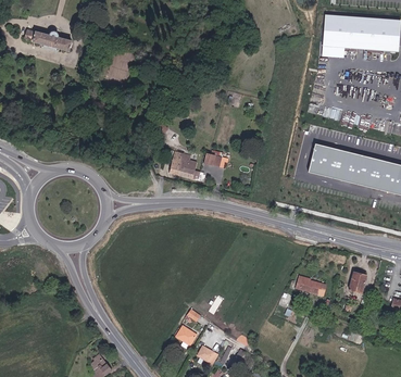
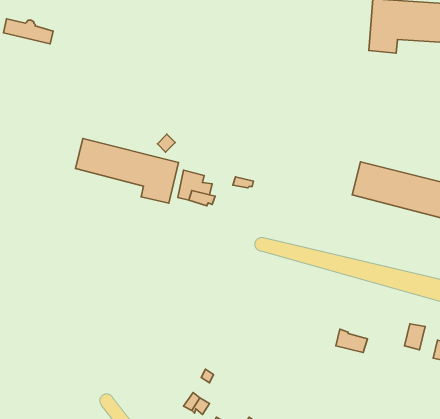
building: none -> [75,139,178,203]

